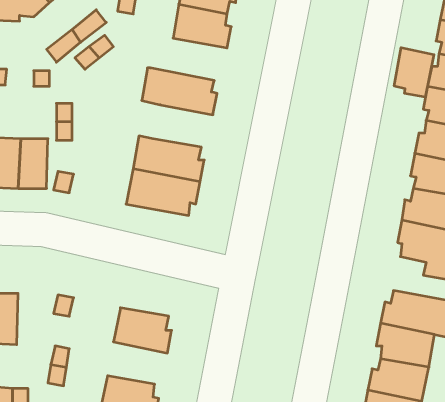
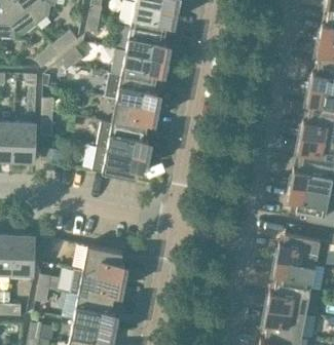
building: none -> [110,48,165,81]
building: [394,48,434,97] -> none
building: none -> [112,99,155,129]
building: none -> [13,235,35,272]
building: none -> [71,269,122,301]

